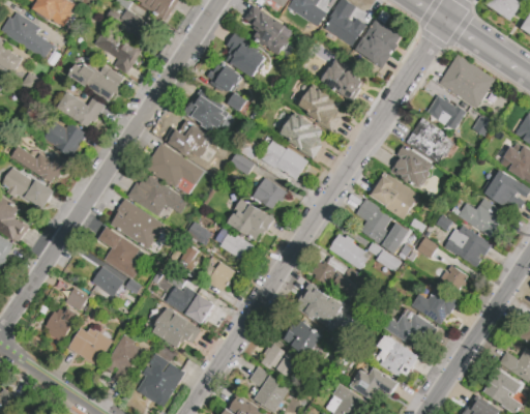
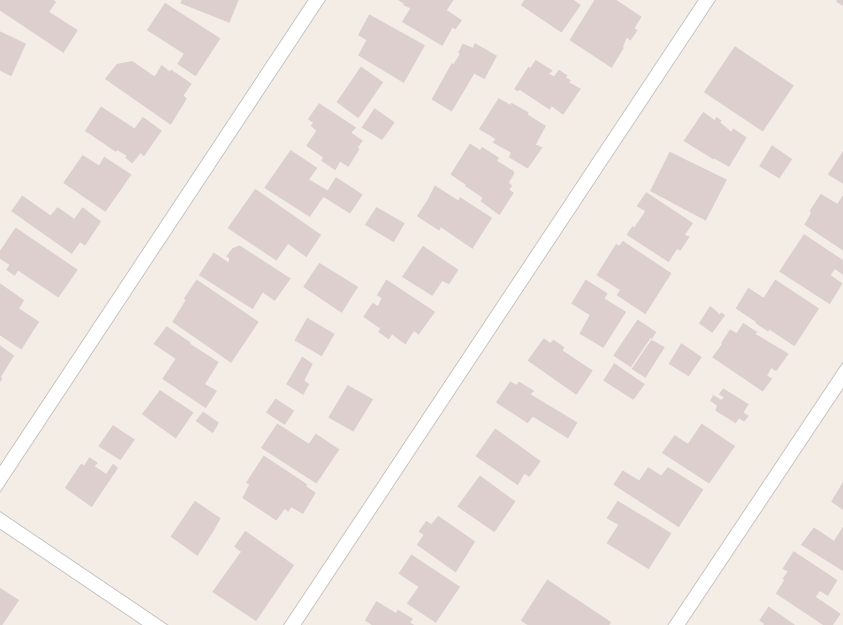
building: none -> [430,42,498,112]
building: [219,231,255,263] -> [302,262,359,314]
building: [67,326,114,367] -> none
building: [352,365,400,397] -> none

